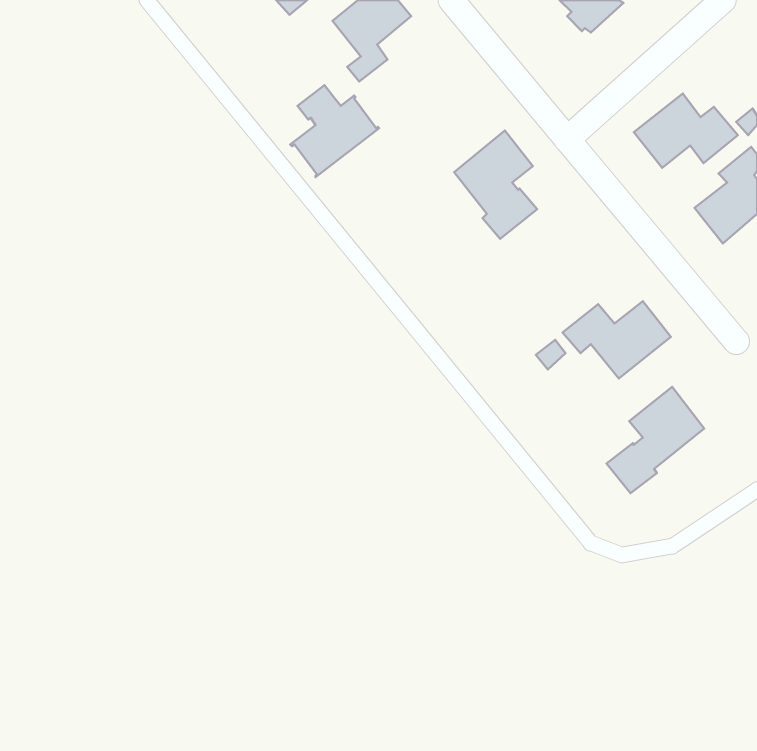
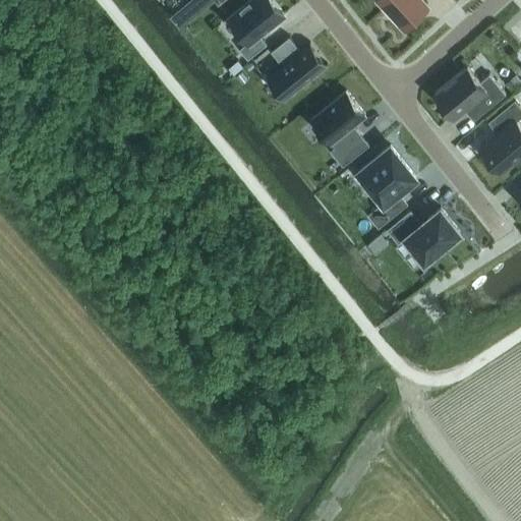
building: [290,85,379,177] -> [265,41,326,104]
building: none -> [358,150,415,231]
building: [607,387,704,493] -> none

